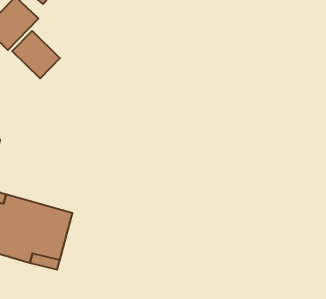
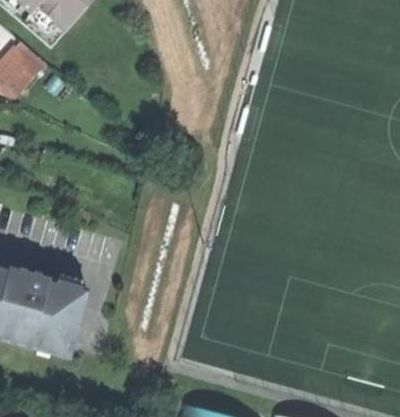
building: [12,31,60,78] -> none

